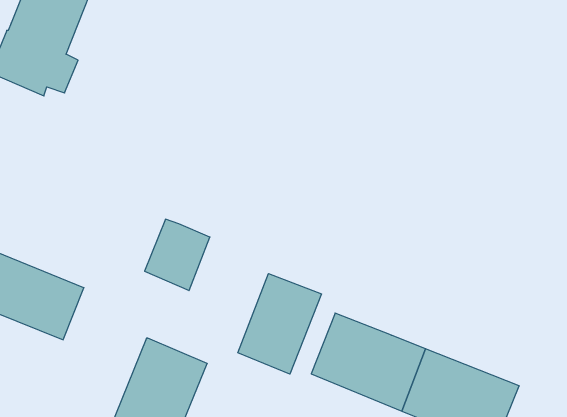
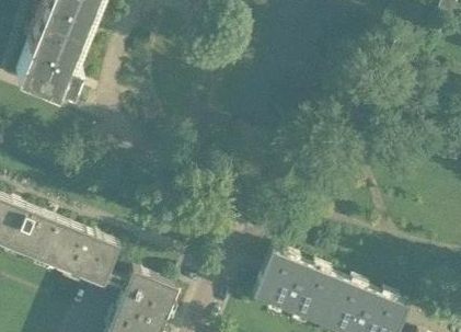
building: [145,219,210,291] -> [71,234,119,287]
building: [238,274,321,374] -> none

